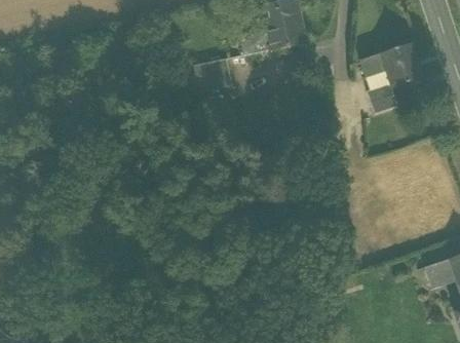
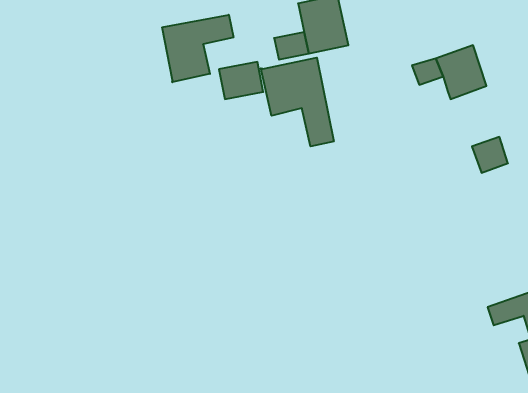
building: none -> [162,15,233,82]
building: none -> [261,58,334,146]
building: [367,82,397,113] -> [472,137,508,173]

